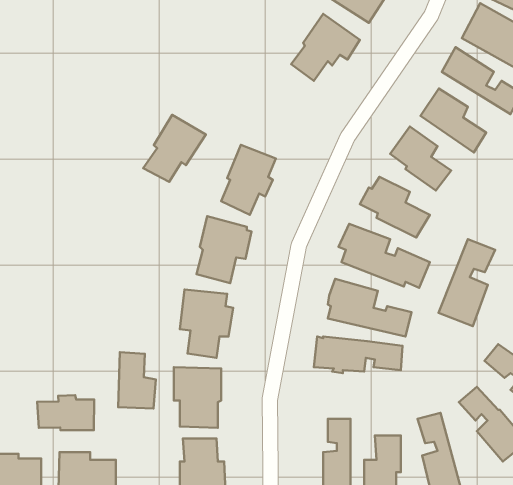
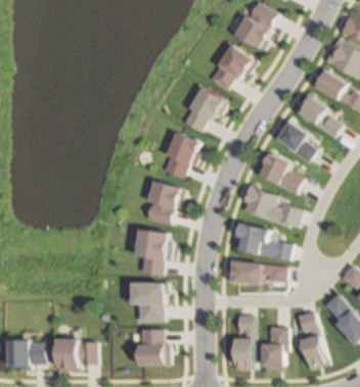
building: [143,115,206,182] -> [183,86,225,131]
building: [439,239,495,326] -> none
building: [118,352,156,409] -> none
building: [37,395,94,430] -> none

